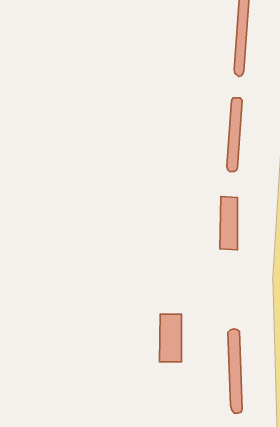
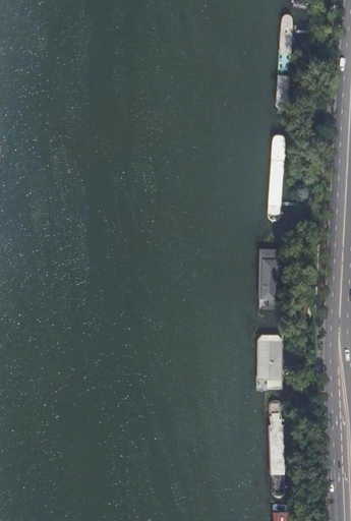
building: [159,314,182,362] -> [257,334,283,389]

